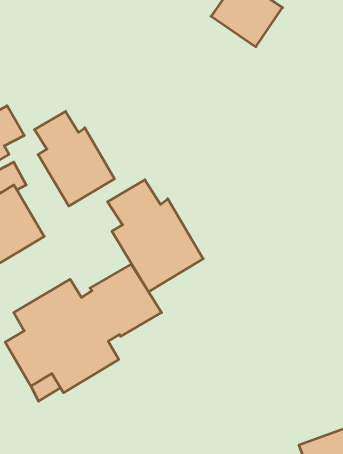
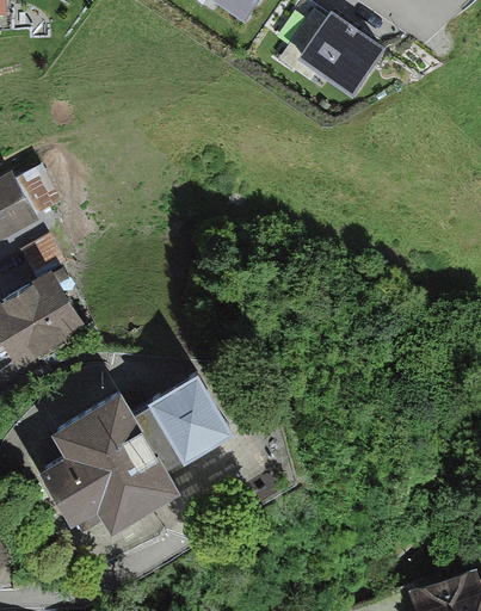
building: [34,111,114,206] -> none
building: [108,180,203,292] -> none

